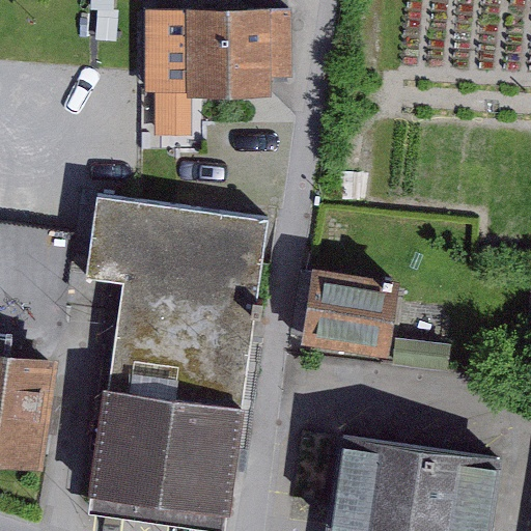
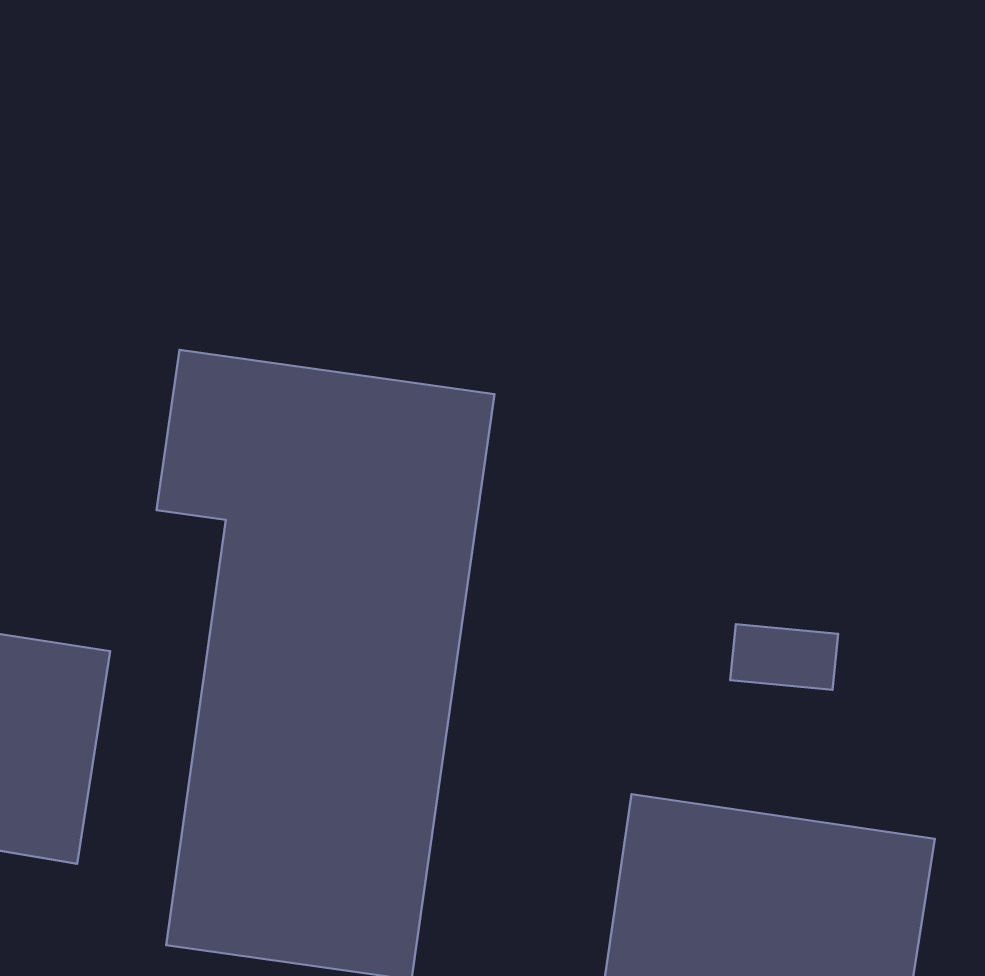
building: [144,11,290,140] -> none
building: [300,267,399,358] -> none

